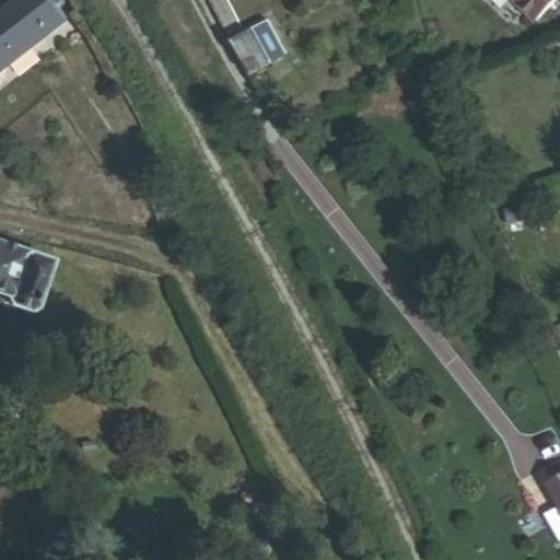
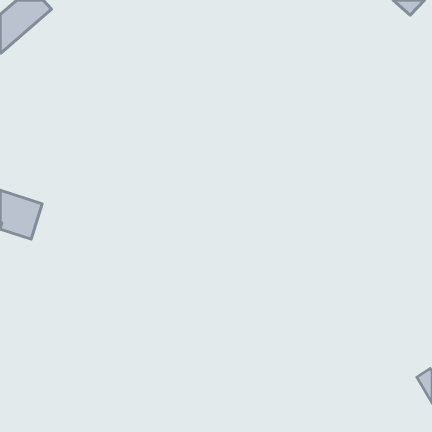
building: [229,15,283,74] -> none

